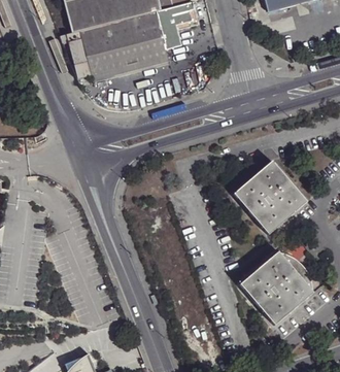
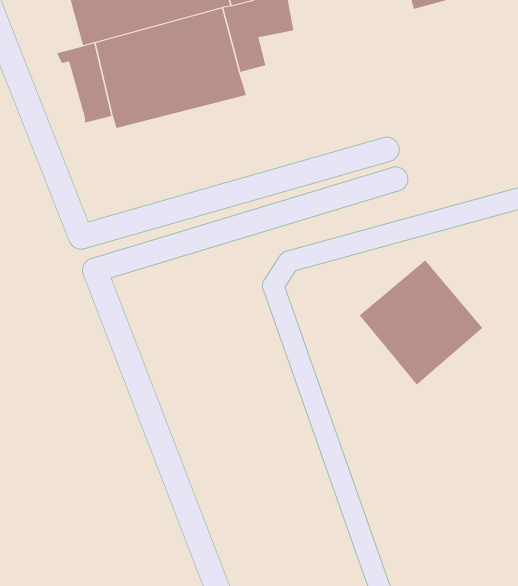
building: [240,247,314,320] -> none

